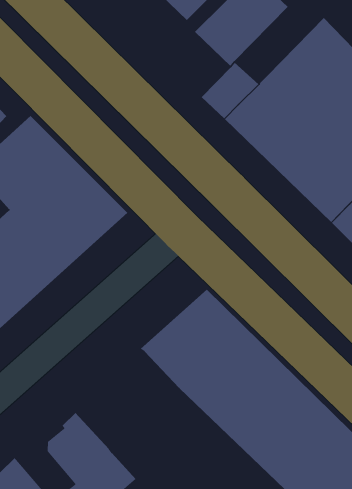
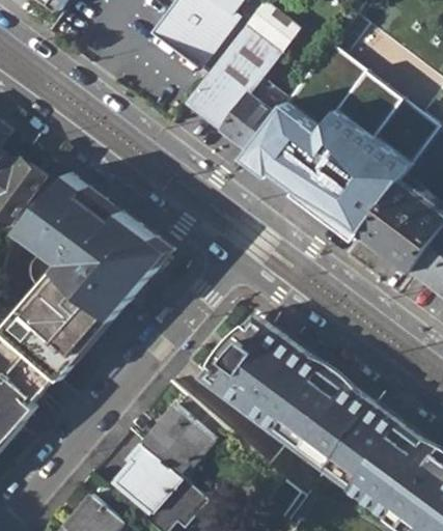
building: none -> [184,73,246,133]
building: none -> [145,395,222,476]

